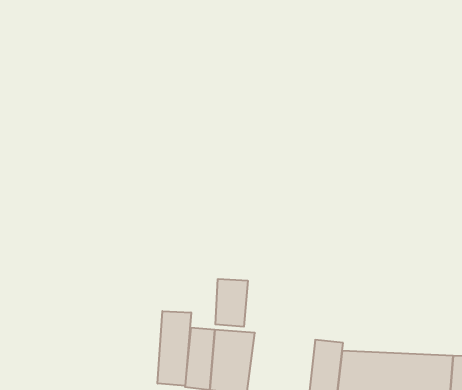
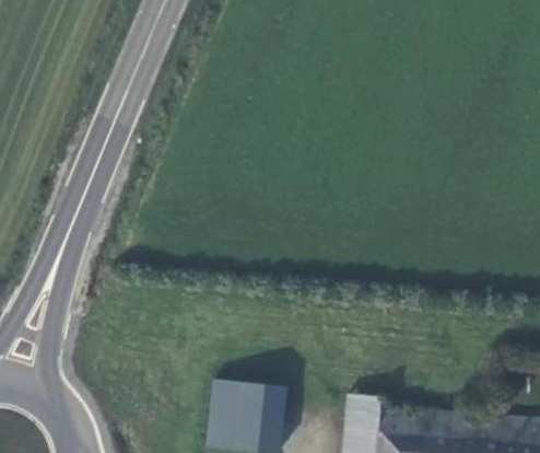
building: [215,279,248,327] -> none
building: [158,311,191,386] -> none

